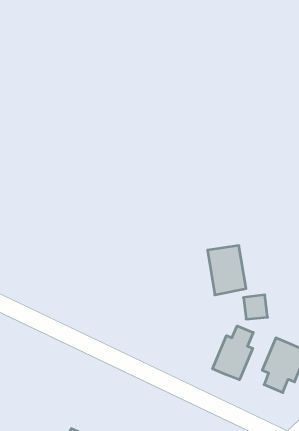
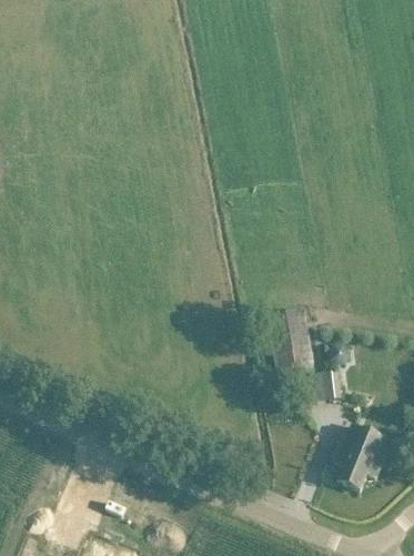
building: [213,326,253,380] -> none

